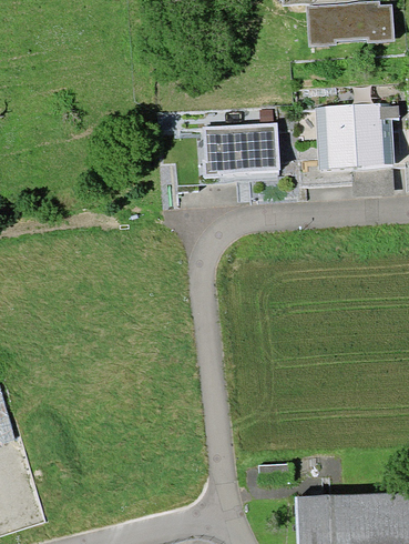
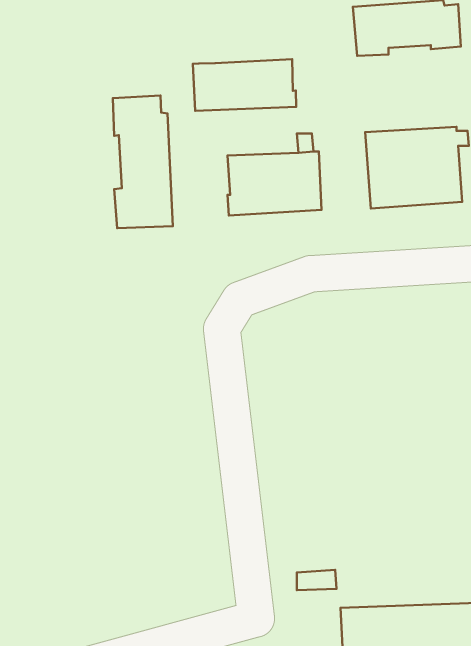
building: none -> [193,59,296,111]
building: none -> [113,95,173,228]

